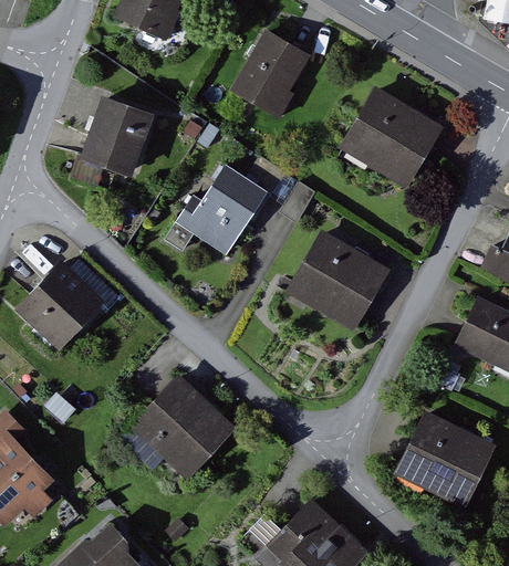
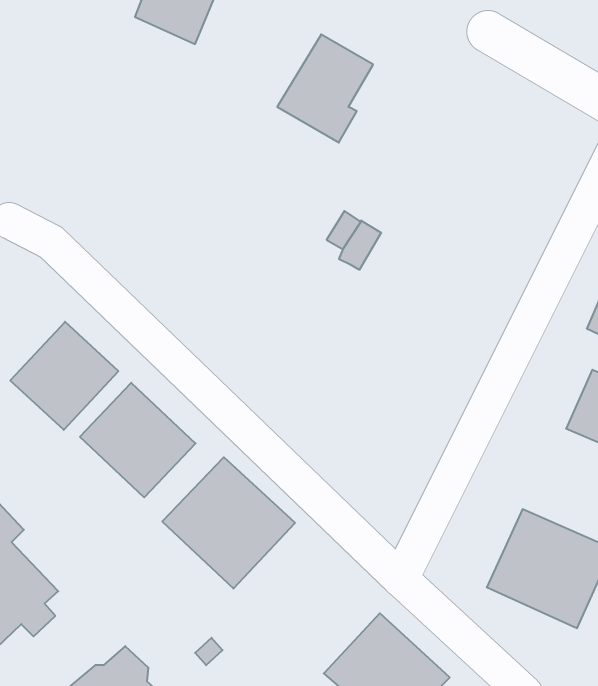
building: [337,88,438,188] -> none
building: [92,98,163,177] -> none
building: [162,164,264,254] -> none
building: [292,234,394,331] -> none
building: none -> [80,383,196,497]

